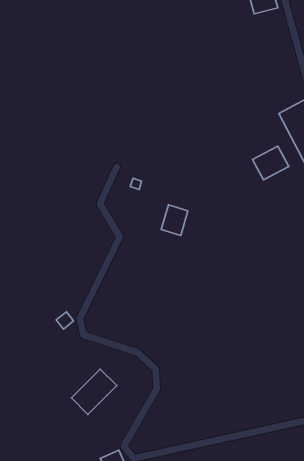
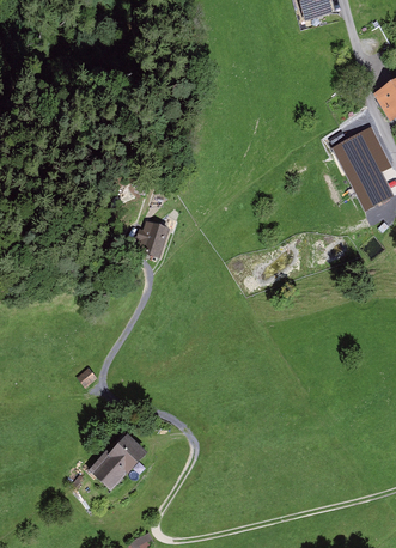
building: [252,146,289,180] -> none
building: [161,205,188,236] -> [134,221,165,257]

